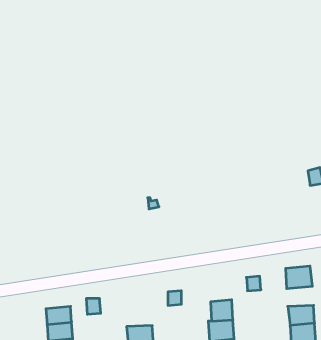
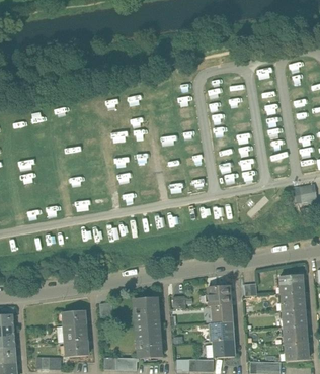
building: none -> [207,286,231,306]
building: none -> [281,292,305,310]
building: none -> [134,298,159,329]

